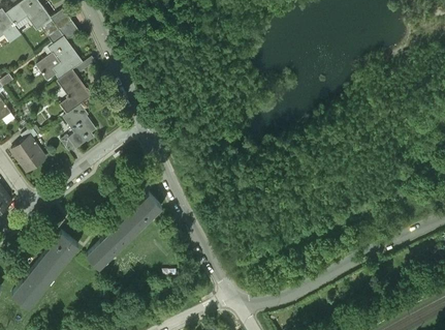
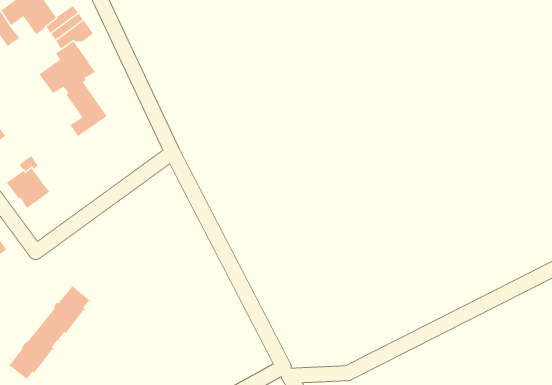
building: [64,104,96,149] -> none
building: [87,196,161,268] -> none

